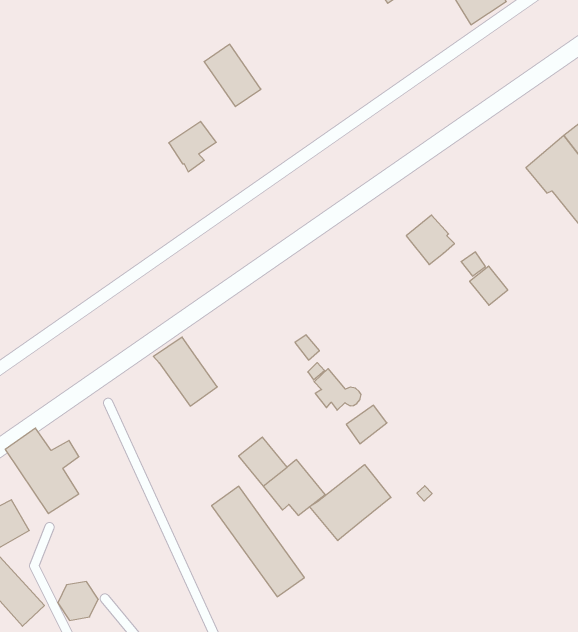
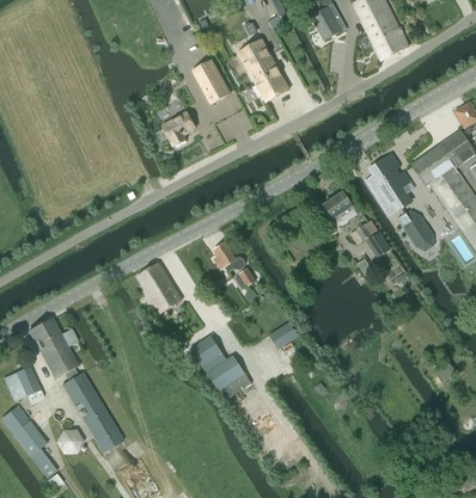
building: none -> [239,38,289,102]
building: none -> [370,154,434,250]
building: [314,369,361,410] -> [214,241,246,271]
building: [310,465,391,541] -> none
building: [212,486,304,597] -> [62,371,123,451]

